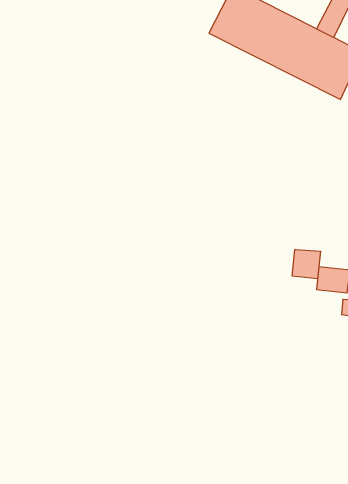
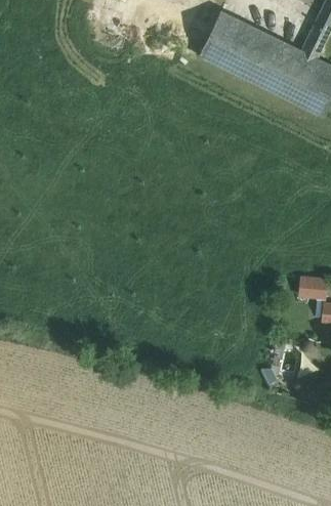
building: [292,249,320,279] -> none

